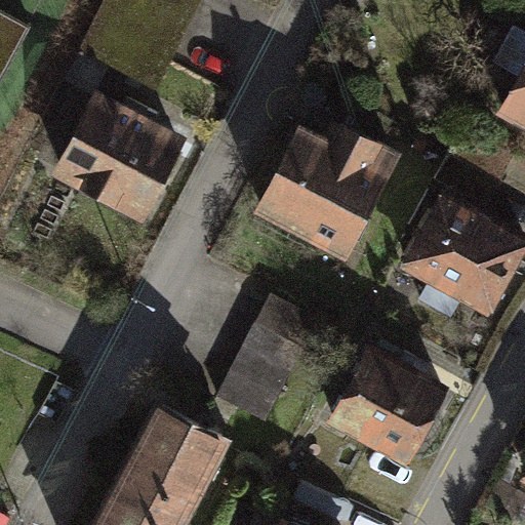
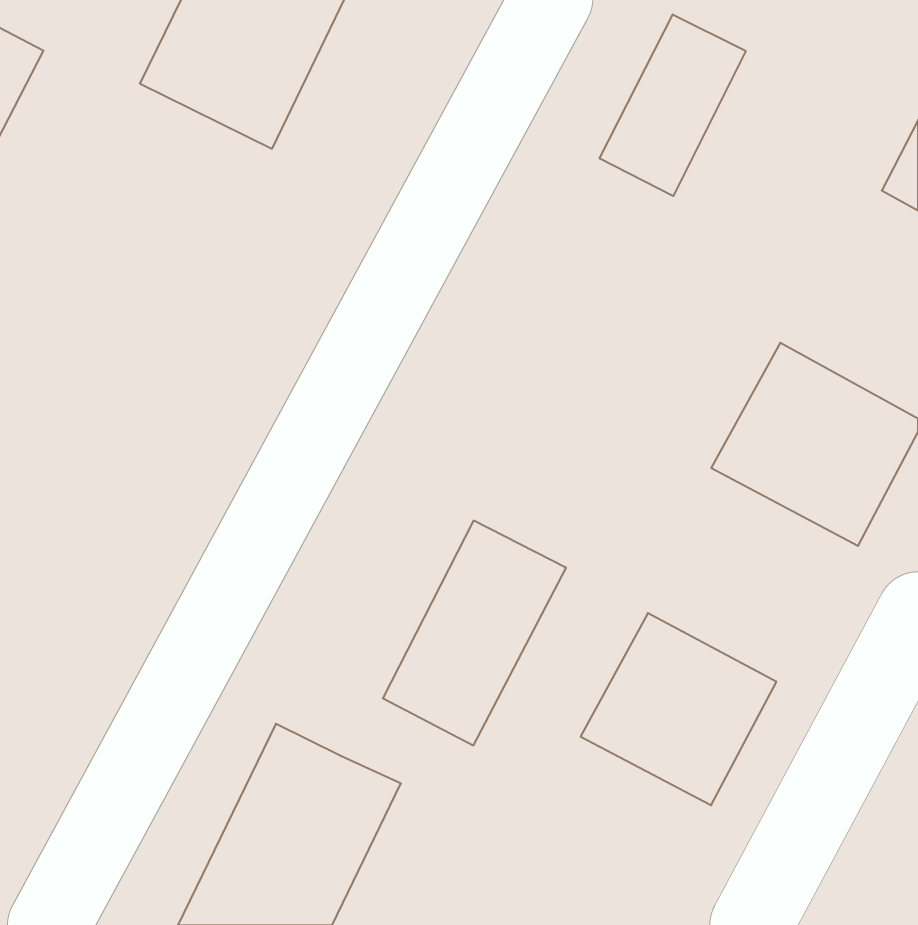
building: none -> [599,14,746,196]
building: [57,94,191,226] -> none
building: [256,122,400,256] -> none

